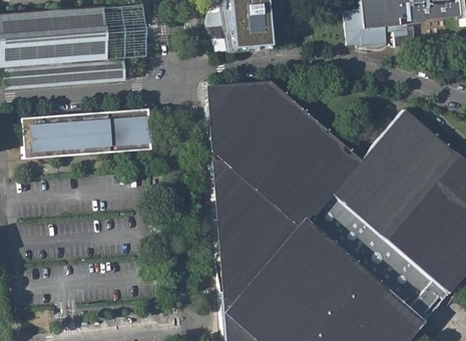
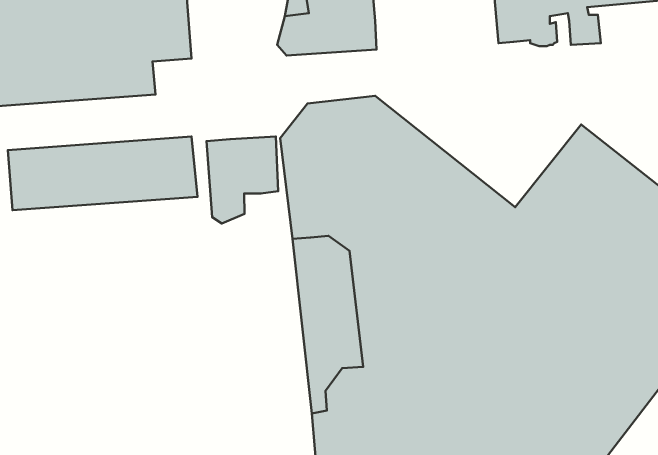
building: none -> [206,137,278,223]

